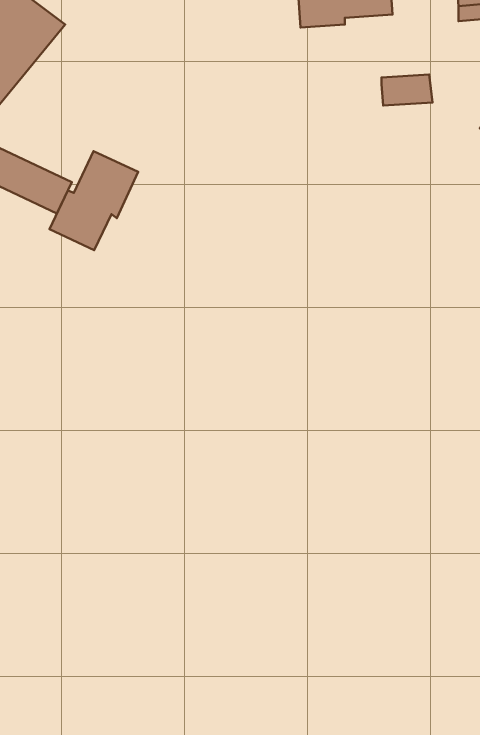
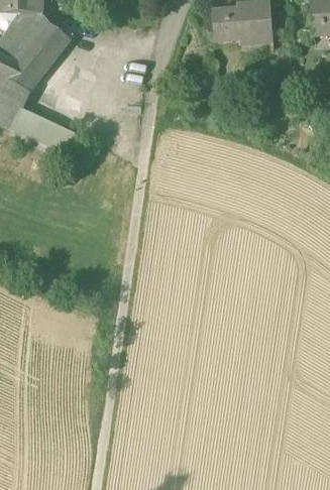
building: [382,74,433,106] -> [241,31,272,50]
building: [50,151,138,250] -> none

